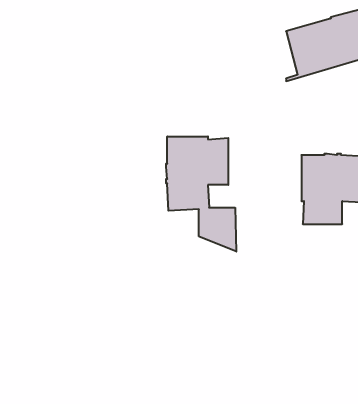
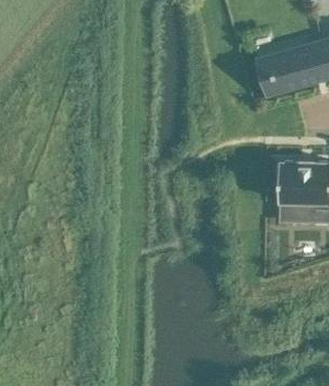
building: [166,136,236,252] -> none

